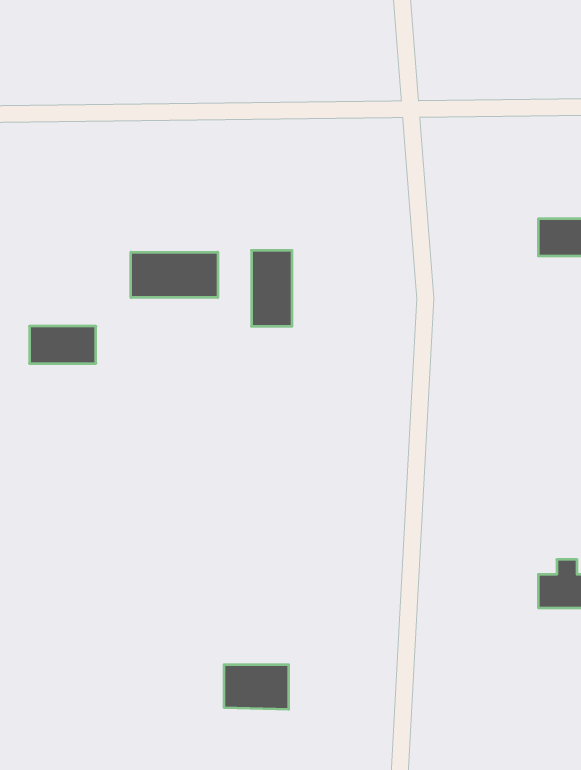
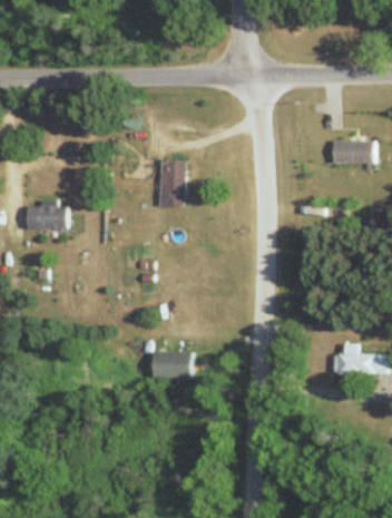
building: [131,252,218,298] -> none
building: [224,665,289,709] -> [151,351,190,378]

